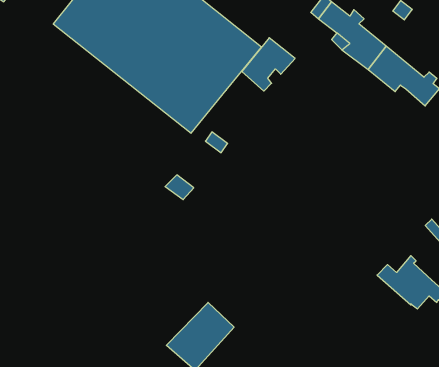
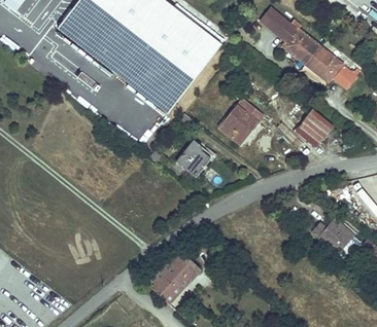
building: [242,38,295,91] -> [219,101,262,143]
building: none -> [298,111,332,144]
building: none -> [174,140,210,177]

